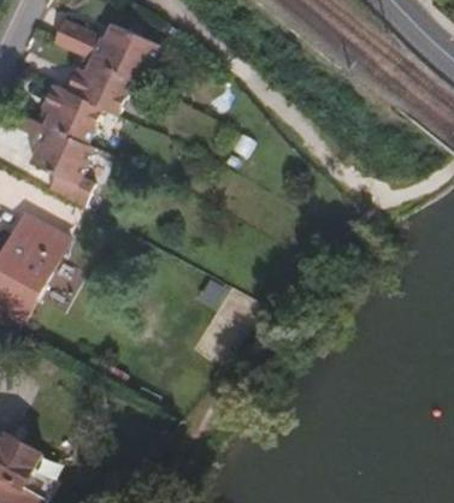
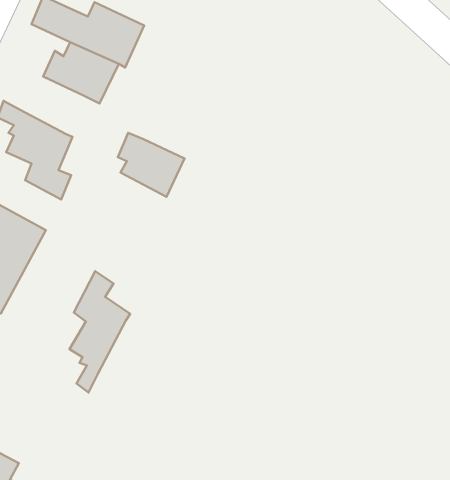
building: [40,85,102,146] -> [118,133,185,197]
building: none -> [70,271,130,393]

